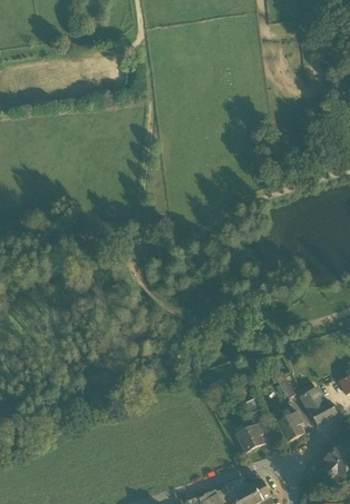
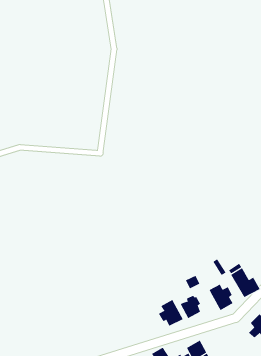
building: none -> [158,299,183,326]

